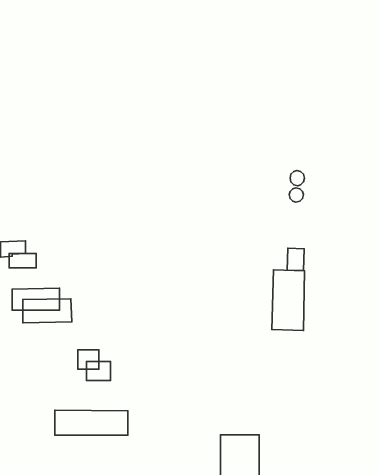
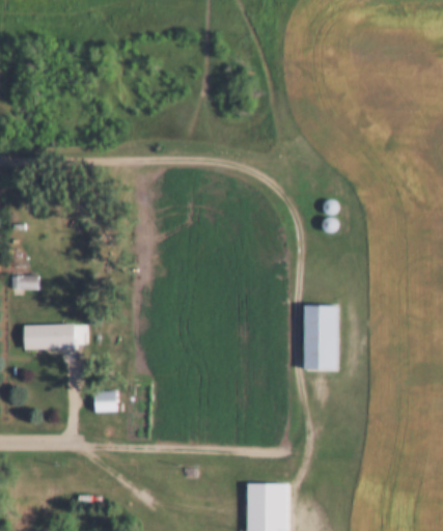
building: [287,248,304,271] -> none
building: [55,410,128,435] -> none

